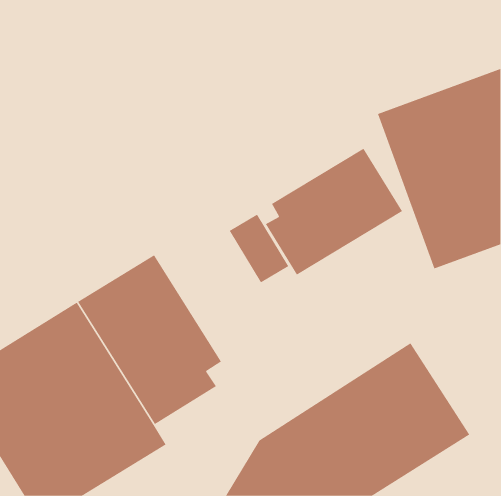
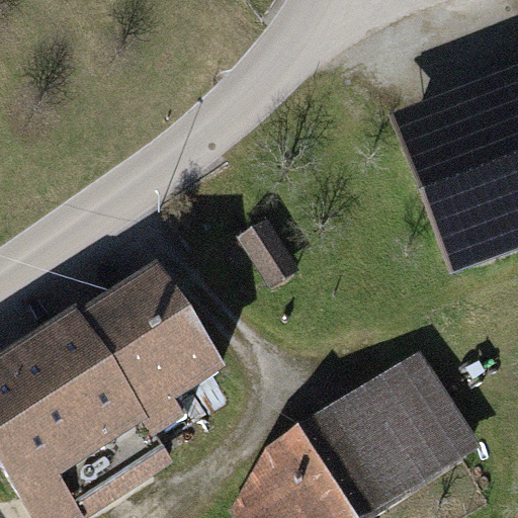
building: [265,148,403,276] -> none

